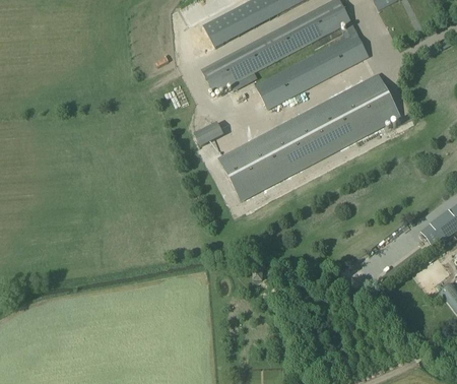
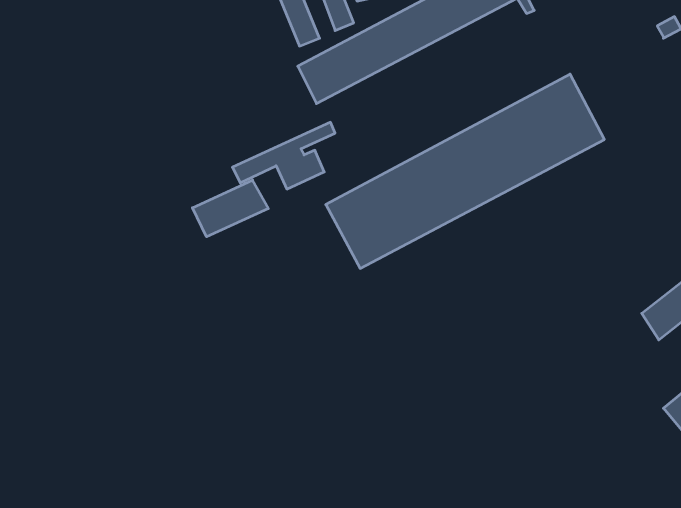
building: [255,31,369,109] -> none
building: none -> [192,180,268,237]

